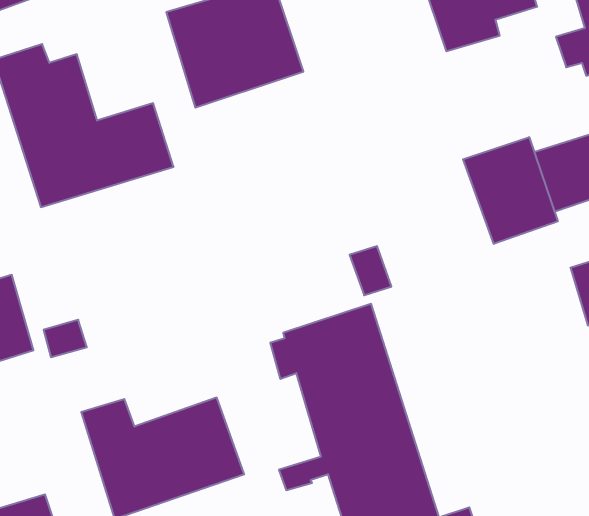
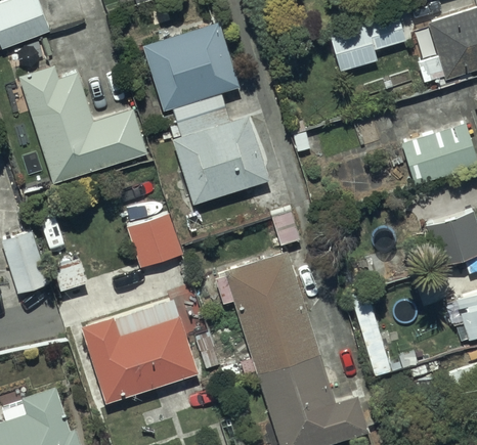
building: none -> [172,92,269,205]
building: [463,137,558,244] -> none
building: none -> [129,214,183,266]

